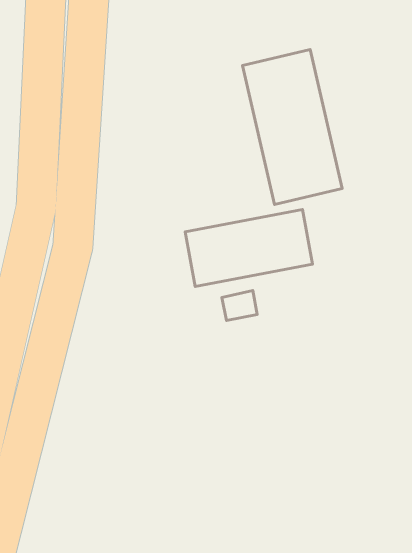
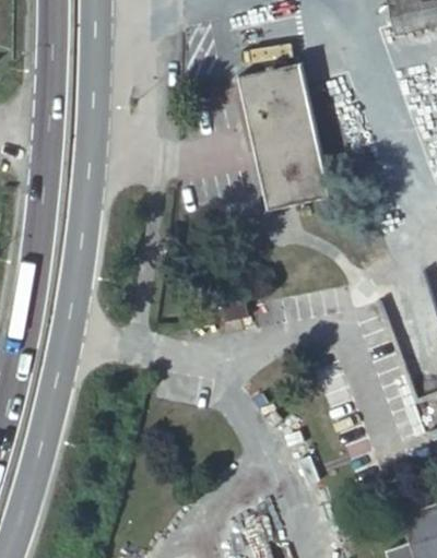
building: [185,209,313,286] -> none

